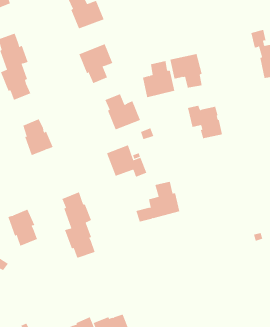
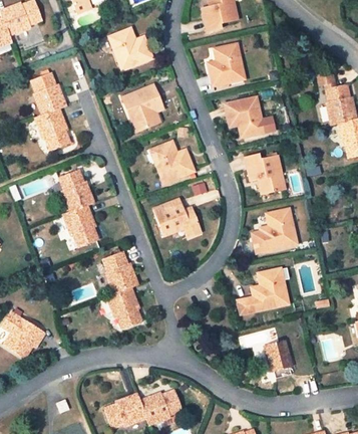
building: [142,60,175,98] -> [208,43,245,85]
building: none -> [261,209,296,250]
building: [136,181,180,222] -> [244,268,294,314]
building: [7,209,38,246] -> [63,205,97,247]
building: none -> [264,341,291,378]

